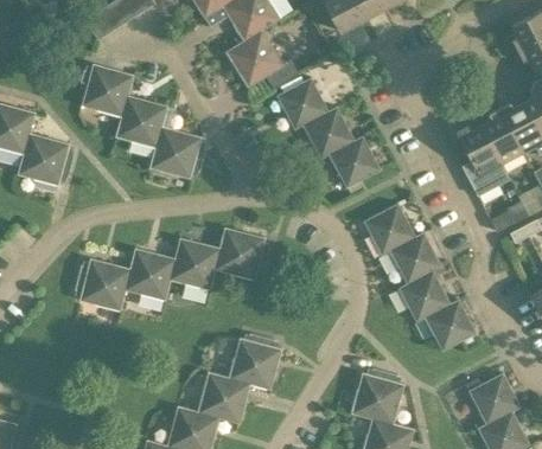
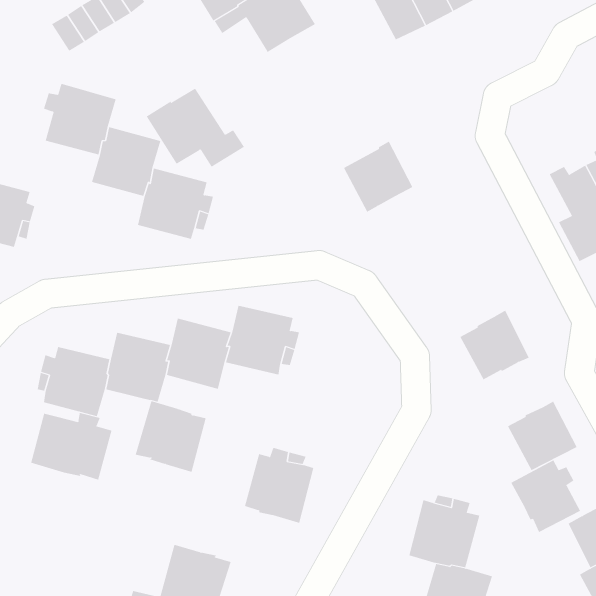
building: [227,30,300,89] -> [146,88,245,168]
building: [276,77,329,129] -> none
building: [329,135,381,187] -> none
building: [363,203,415,255] -> none
building: [398,270,451,322] -> none
building: none -> [31,412,112,481]
building: none -> [511,459,581,533]
building: [197,371,250,424] -> [135,401,207,472]

